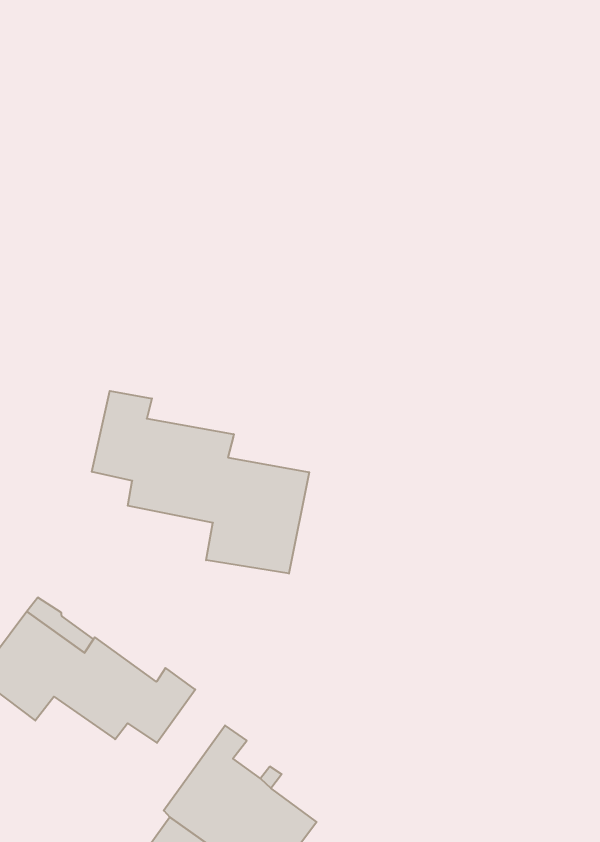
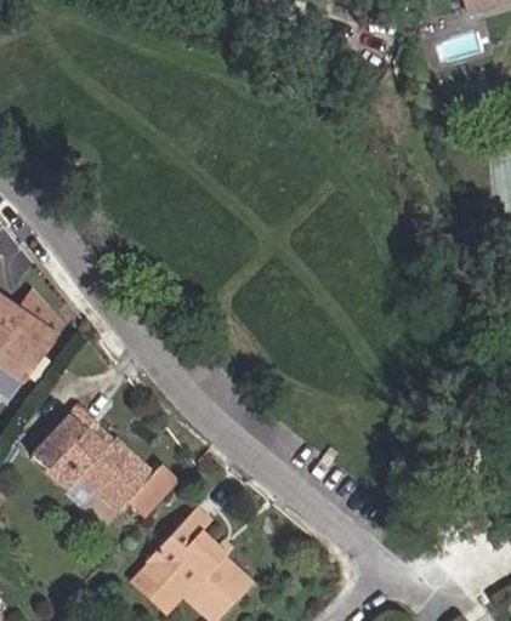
building: [92,391,309,574] -> none

